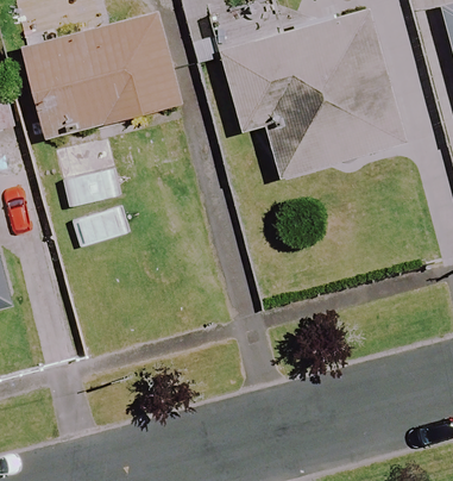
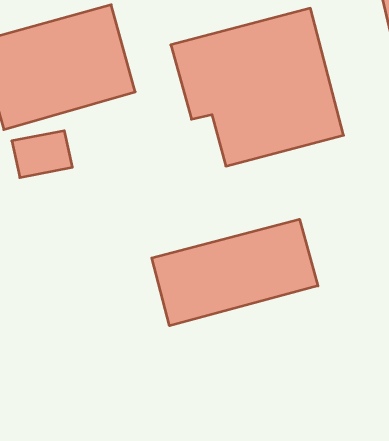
building: none -> [152,219,318,326]

